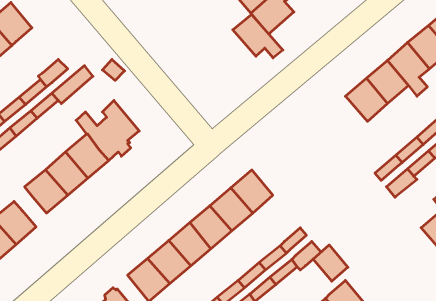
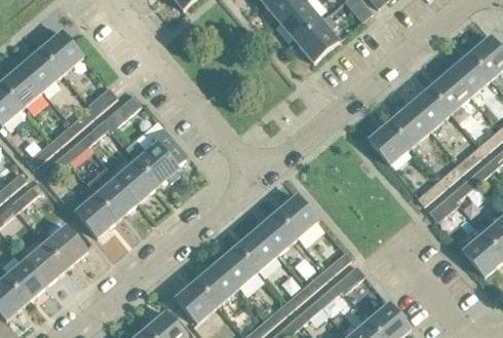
building: [233,15,283,58] -> none
building: none -> [370,123,411,164]
building: [313,245,348,281] -> none

